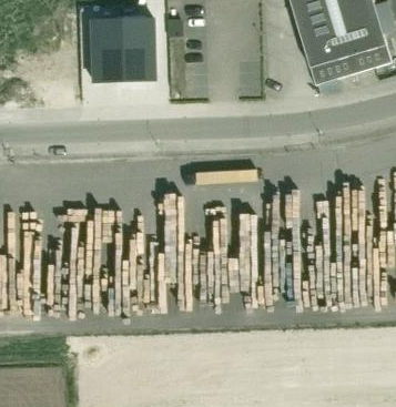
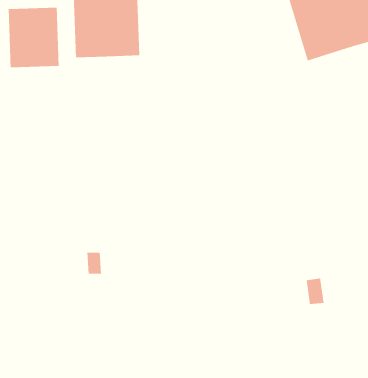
building: none -> [8,7,59,68]

